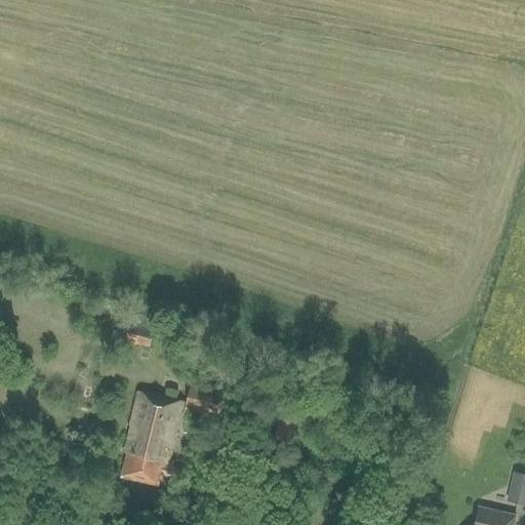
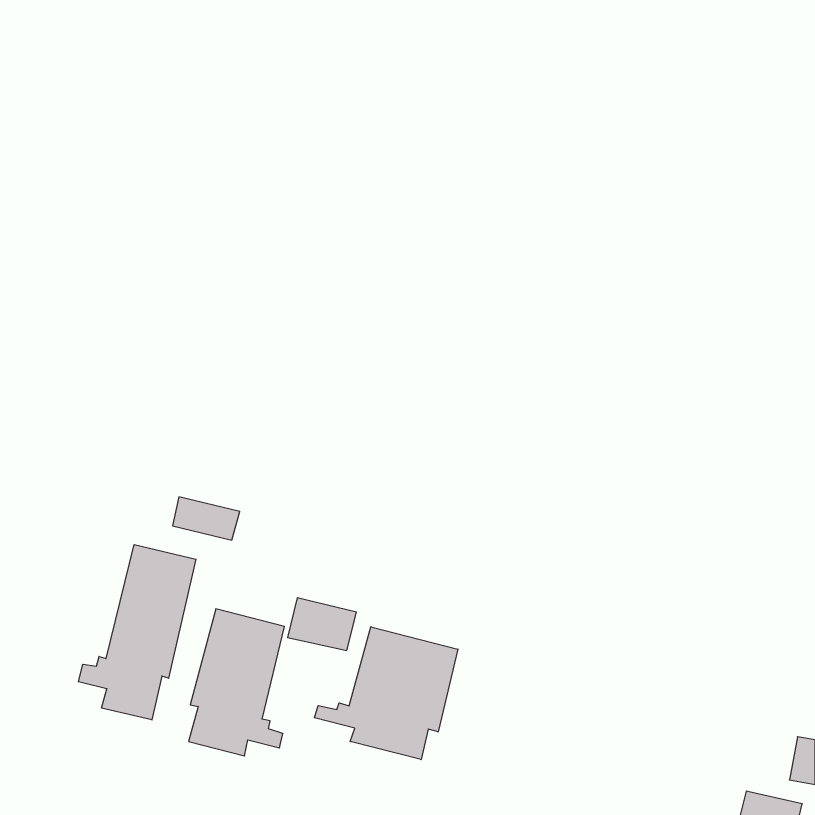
building: none -> [78,545,196,720]
building: none -> [314,627,458,760]

